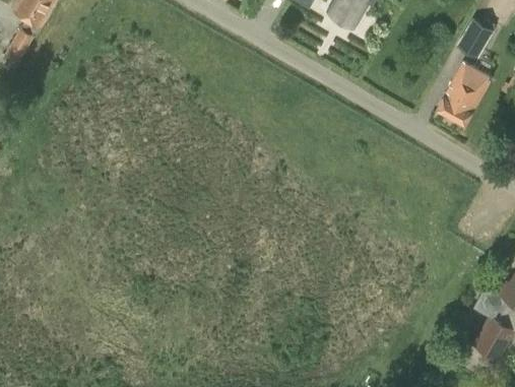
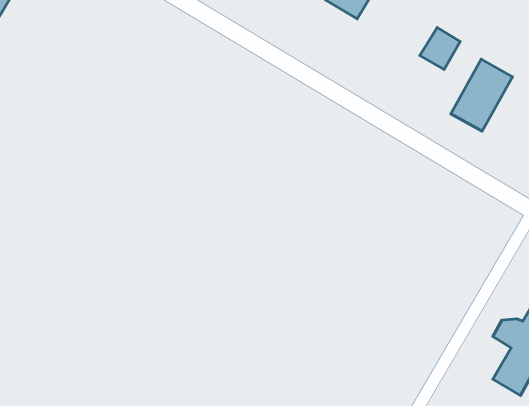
building: [457,19,493,56] -> [420,28,460,69]

